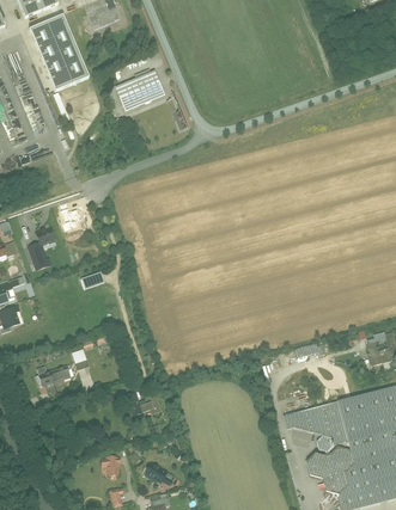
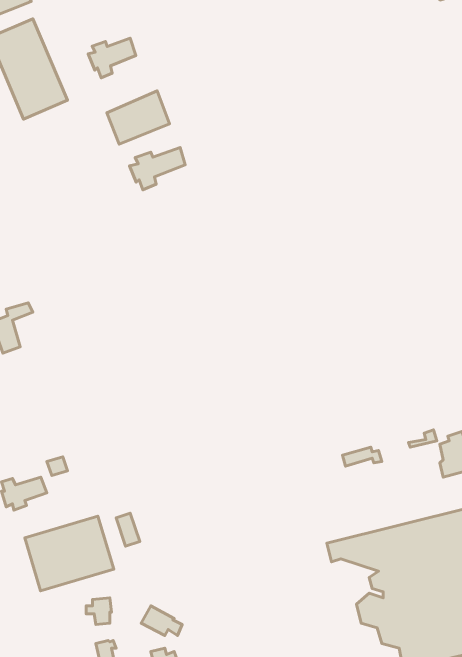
building: none -> [88,38,136,78]
building: none -> [130,147,185,190]
building: none -> [25,516,114,591]

